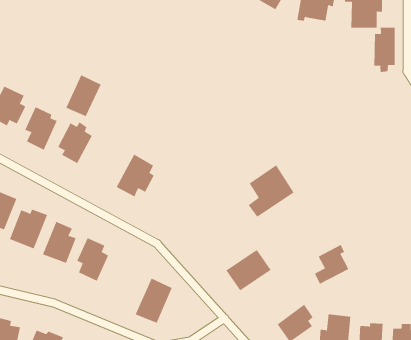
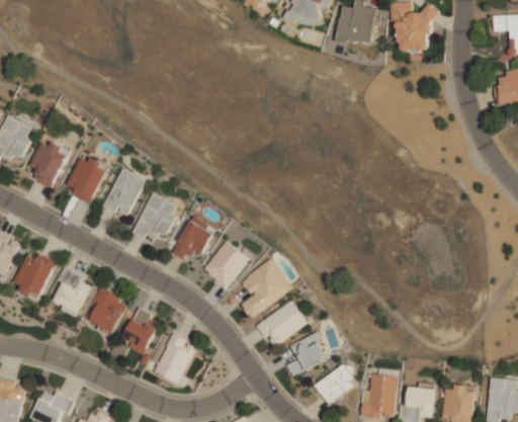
building: [374,27,395,73] -> none
building: [66,75,102,117] -> [104,168,145,216]
building: [248,165,295,218] -> [240,258,292,318]
building: none -> [171,216,215,261]
building: none -> [202,240,249,288]
building: [314,244,349,284] -> [286,331,326,376]
building: none -> [121,308,160,354]

